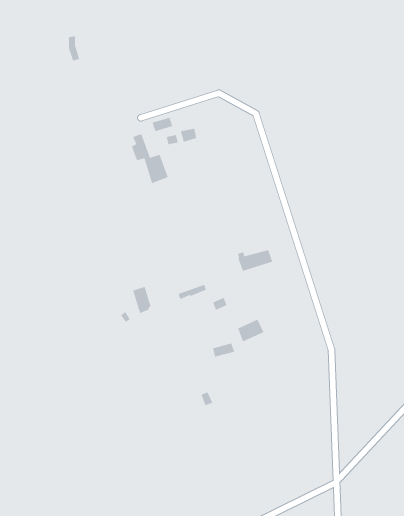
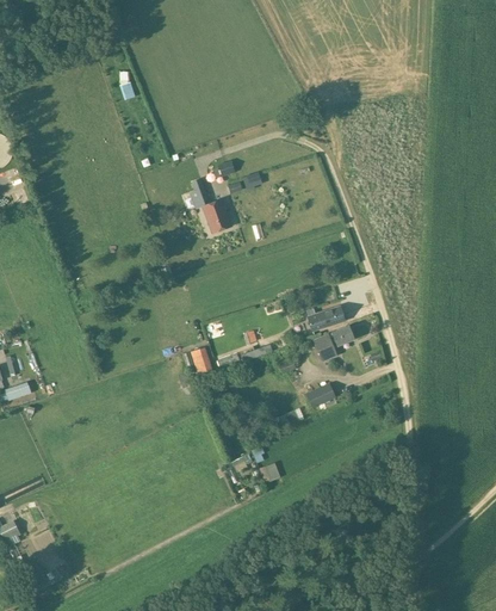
building: none -> [312,325,354,362]

